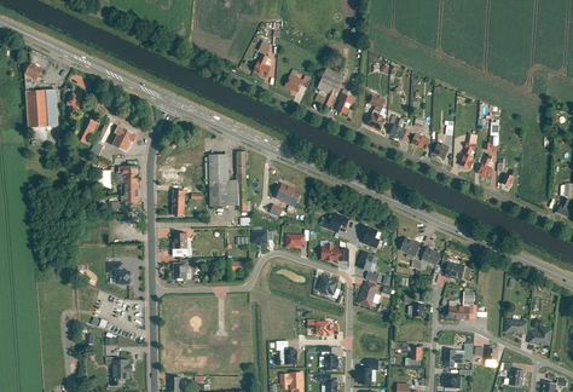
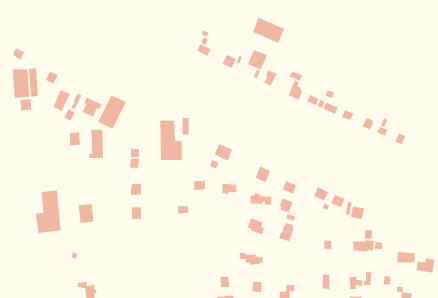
building: none -> [252,17,285,44]
building: none -> [97,95,127,130]
building: none -> [35,189,62,234]

